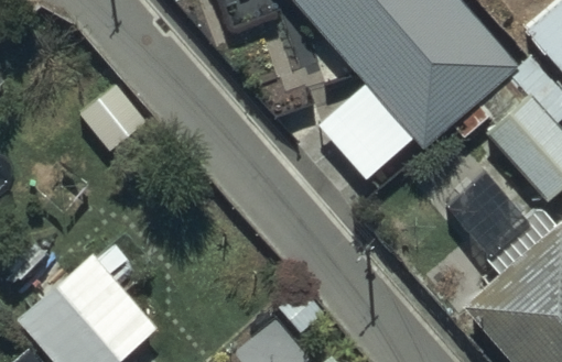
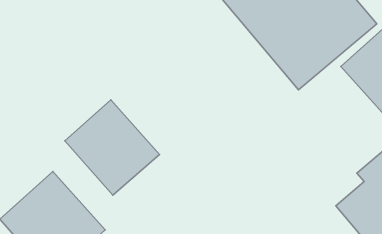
building: none -> [65,100,160,195]

